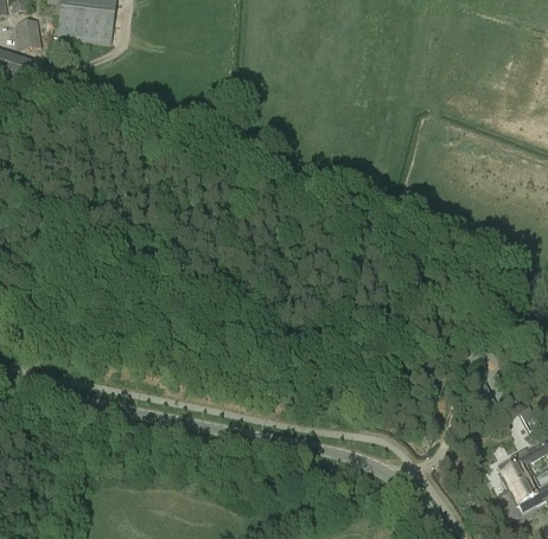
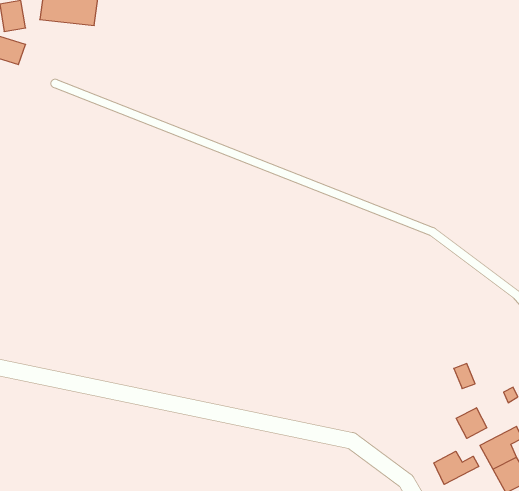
building: none -> [456,408,487,438]
building: none -> [434,451,479,484]

